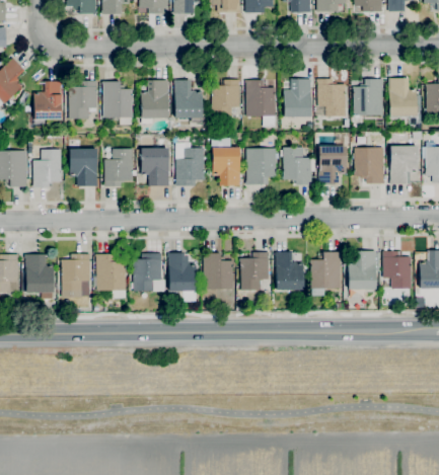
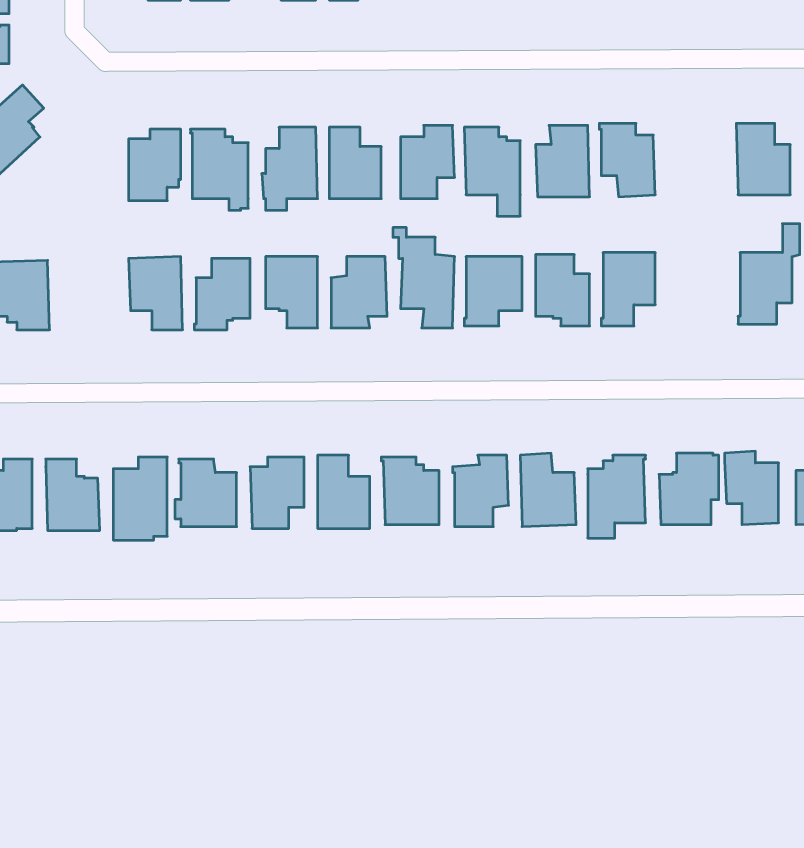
building: [354,79,384,114] -> none
building: [34,81,62,118] -> none
building: [354,148,384,183] -> none
building: [33,149,63,187] -> none

